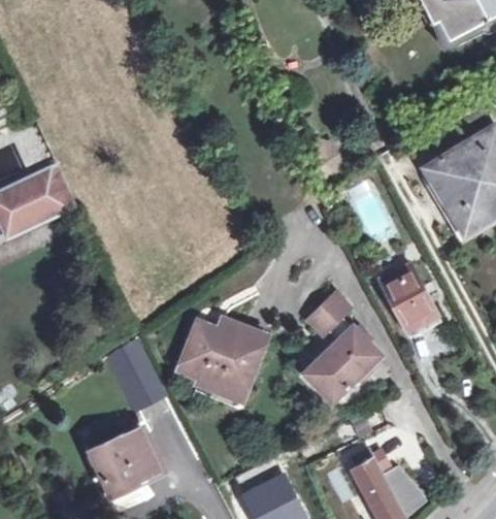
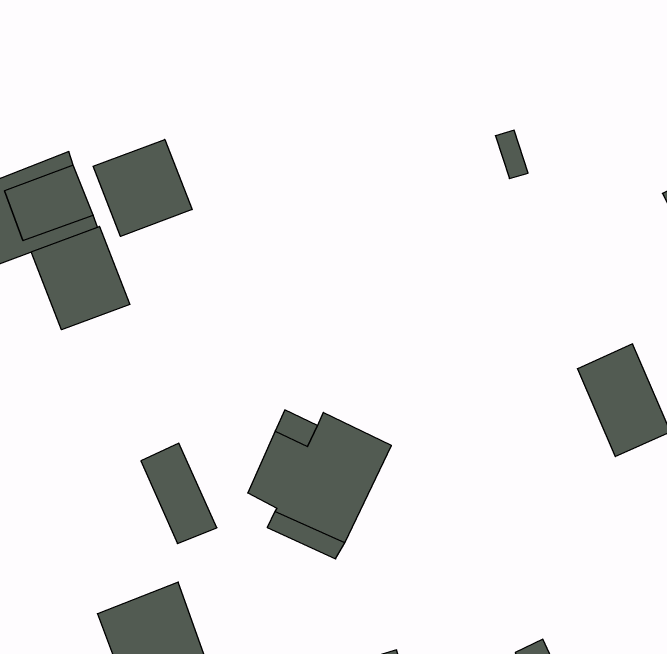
building: none -> [93,139,192,236]
building: none -> [31,226,130,330]
building: [303,294,378,401] -> none

